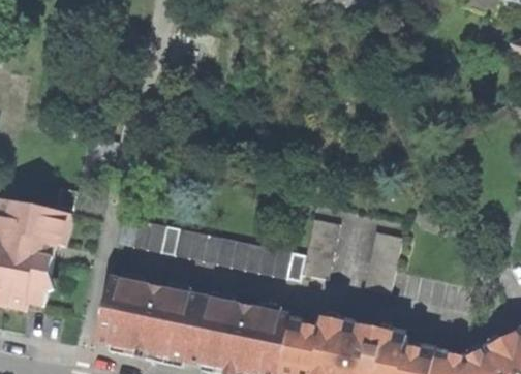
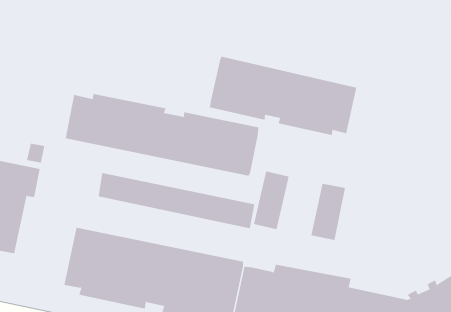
building: none -> [209,56,357,136]
building: none -> [65,93,259,176]

